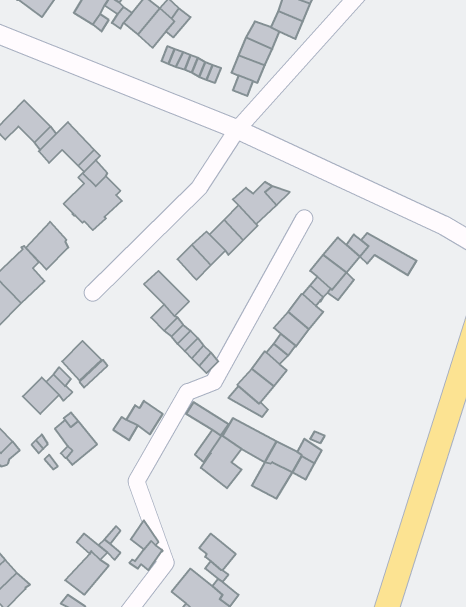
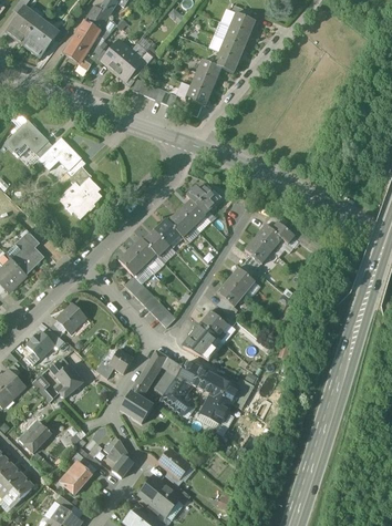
building: [26,222,68,270] -> none
building: none -> [128,238,163,272]
building: none -> [117,362,156,422]
building: none -> [19,420,50,452]

